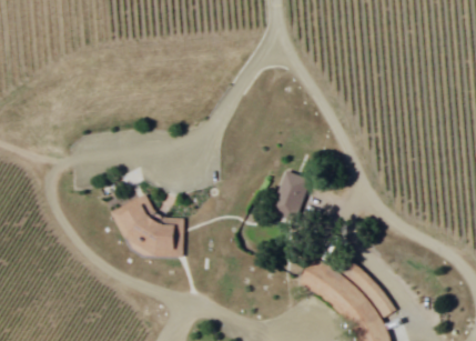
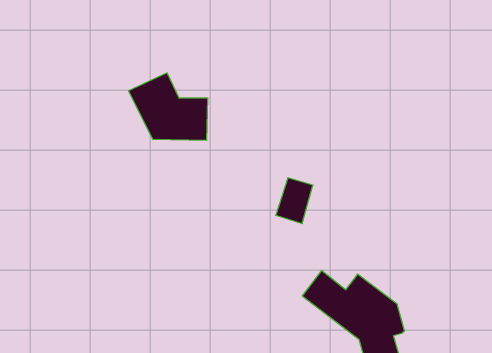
building: [111,193,184,255] -> [129,73,208,140]

